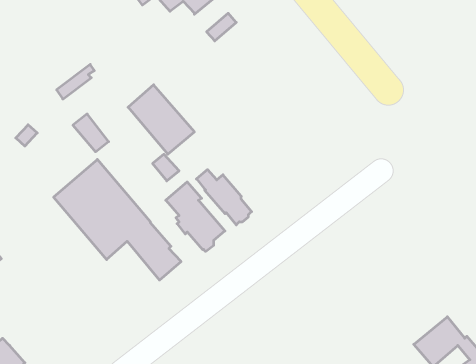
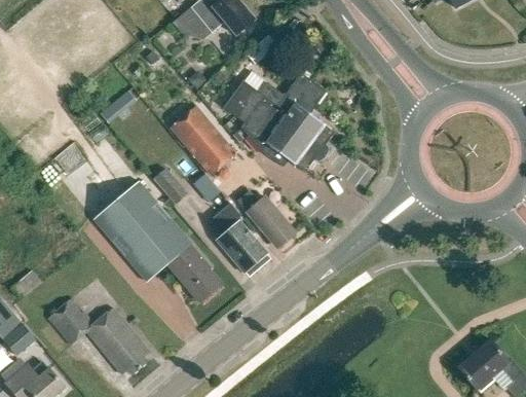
building: none -> [224,73,335,173]
building: [73,114,109,152] -> [152,169,188,207]
building: none -> [49,298,150,375]

